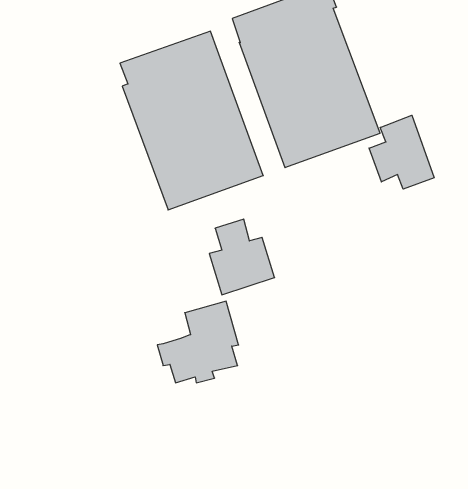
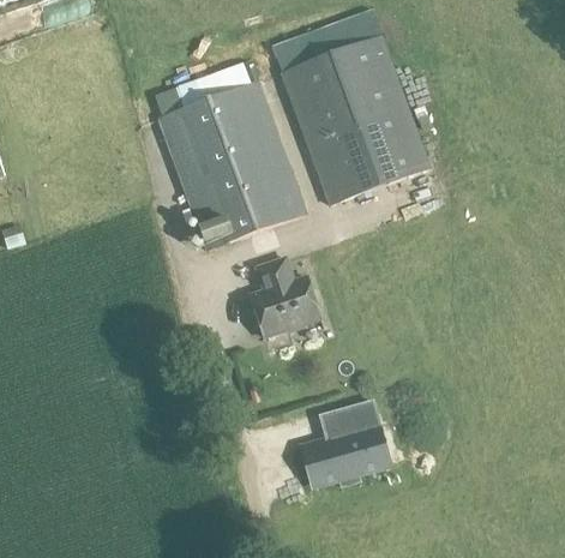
building: [369,115,434,189] -> none
building: [157,301,239,383] -> [301,401,386,486]

